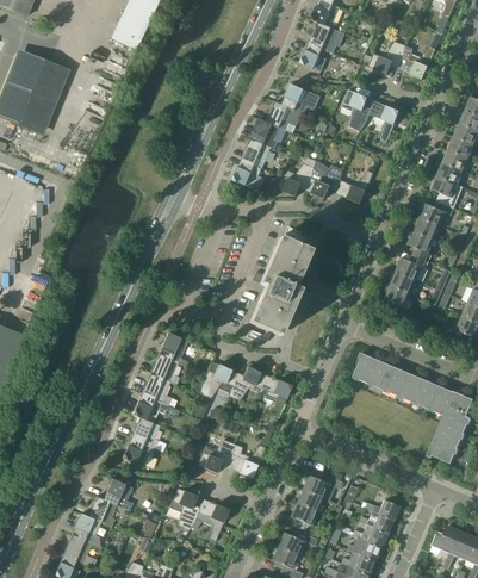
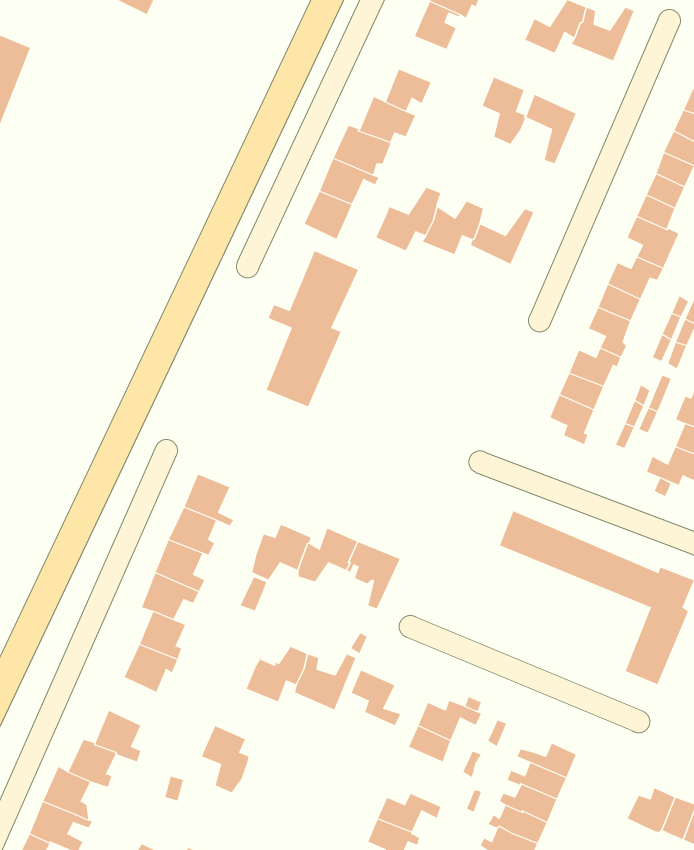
building: [250,237,308,334] -> [266,250,359,407]
building: [191,498,229,540] -> none
building: [291,501,322,535] -> [351,670,401,726]

